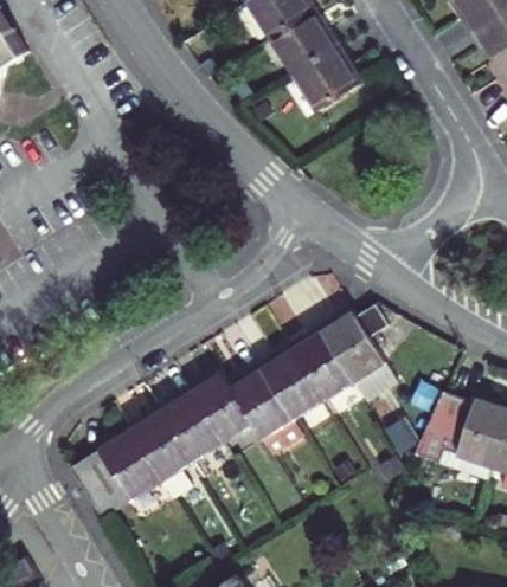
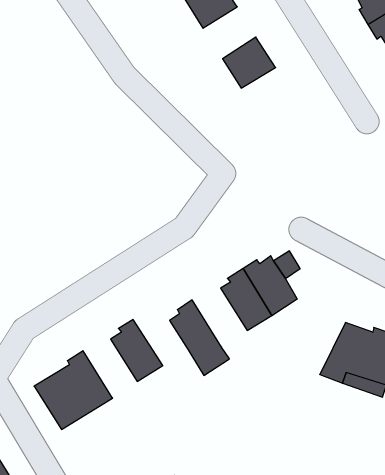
building: [270,9,334,72] -> none
building: [257,349,323,420] -> none
building: [186,372,252,443] -> none
building: [126,411,191,498] -> none

